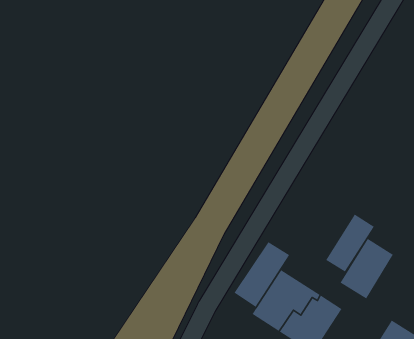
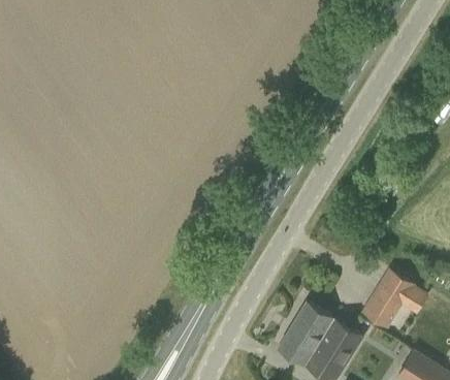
building: [325,213,375,273] -> none
building: [233,241,290,308] -> none

